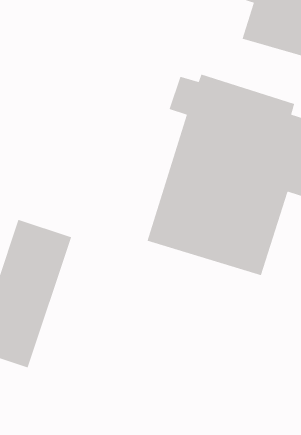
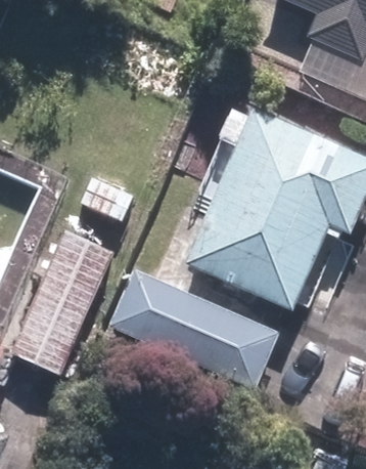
building: none -> [110,270,277,389]

